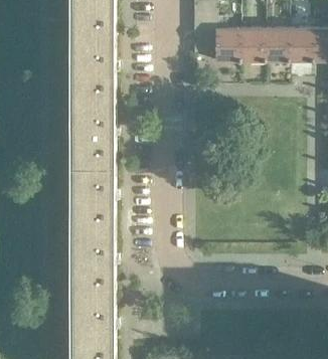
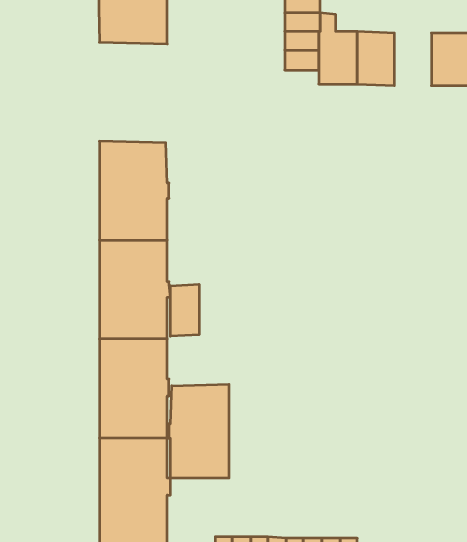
building: [262,27,286,61] -> none
building: [69,33,115,99] -> none
building: none -> [170,284,199,336]
building: none -> [169,384,229,478]

